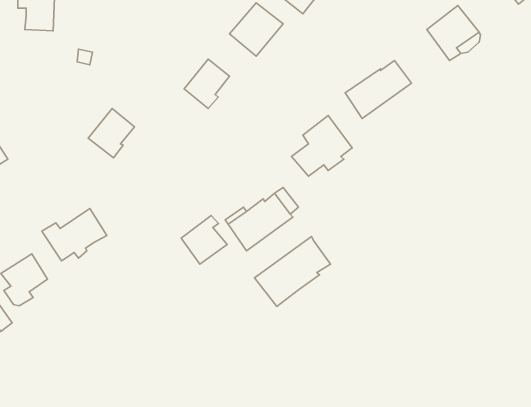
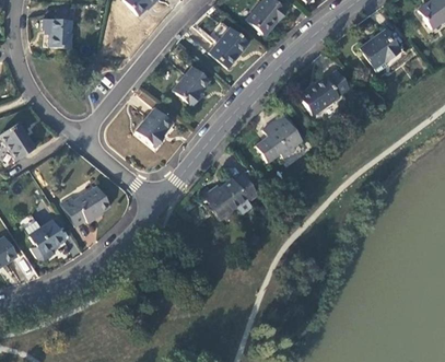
building: [88,109,135,158] -> [137,107,173,145]
building: [181,215,227,264] -> none
building: [255,237,330,306] -> none

